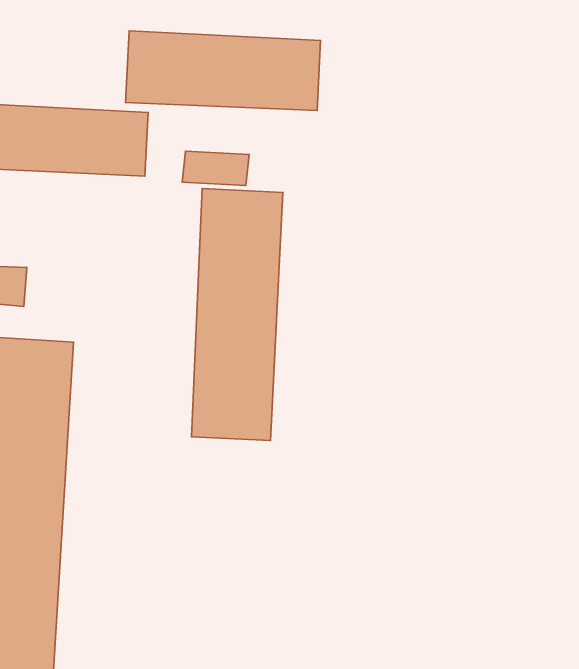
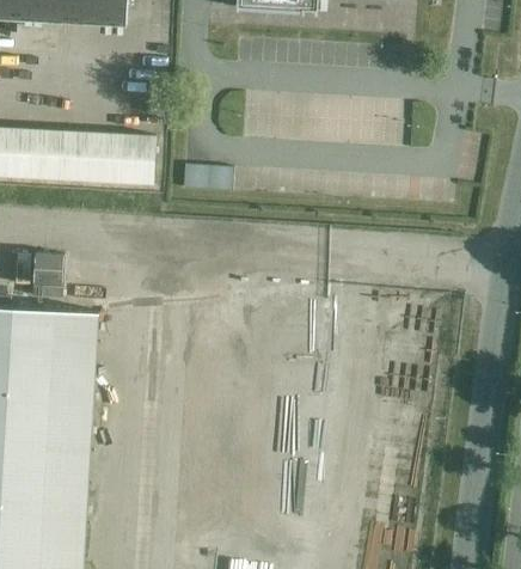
building: [126,31,321,111] -> none
building: [191,189,283,441] -> none

